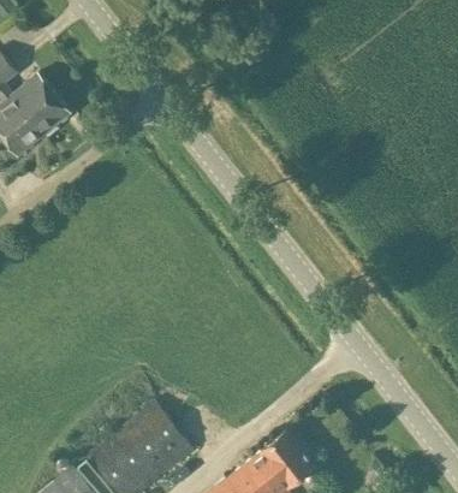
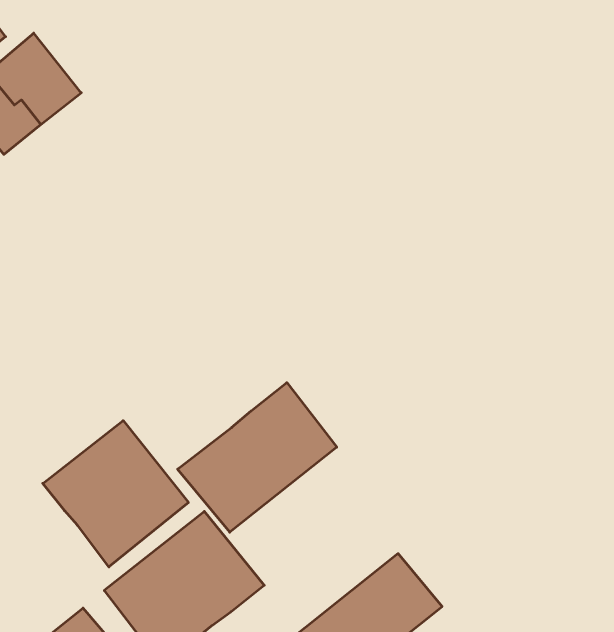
building: none -> [178,383,337,532]
building: none -> [43,421,188,567]

